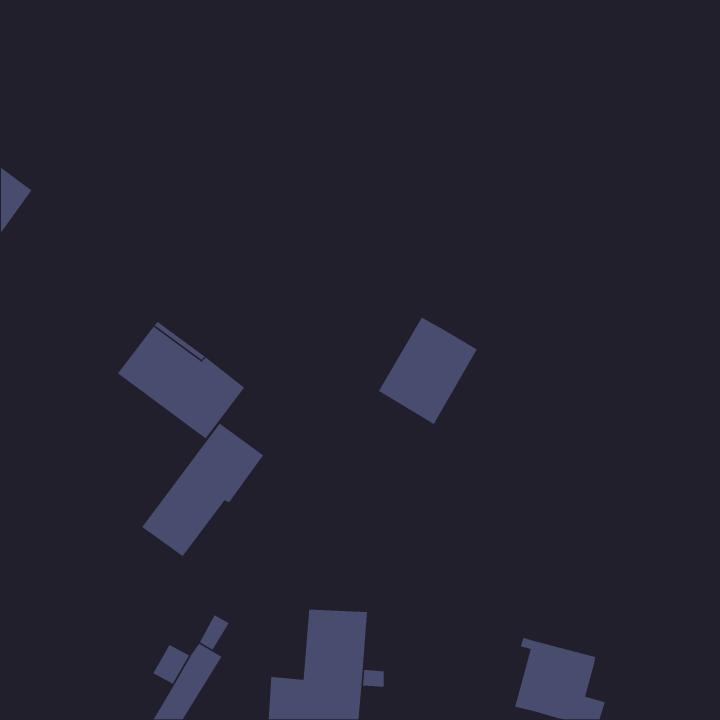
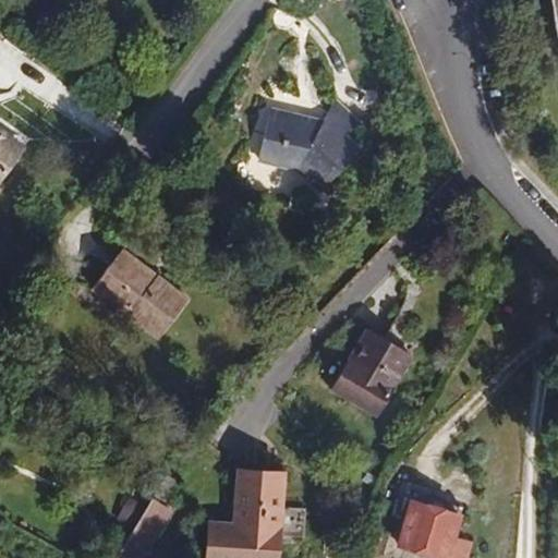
building: none -> [258,100,359,191]
building: [378,317,478,425] -> [333,331,411,415]
building: [141,423,264,557] -> none

